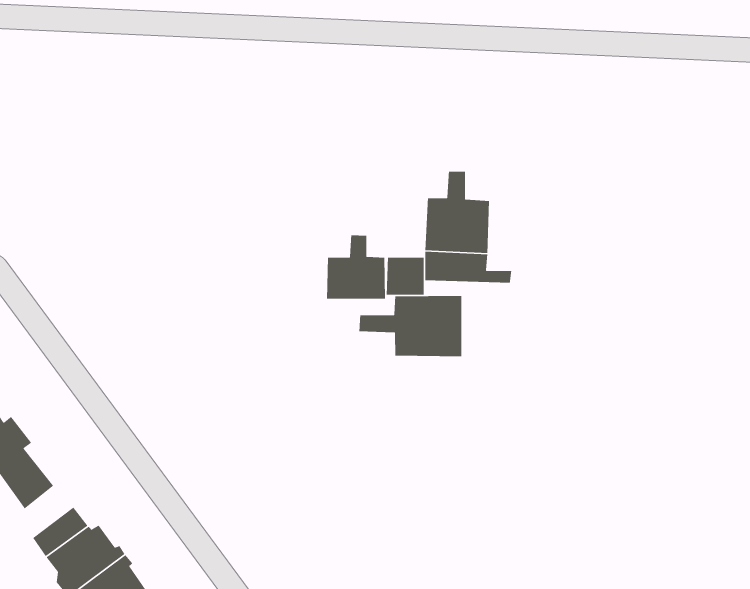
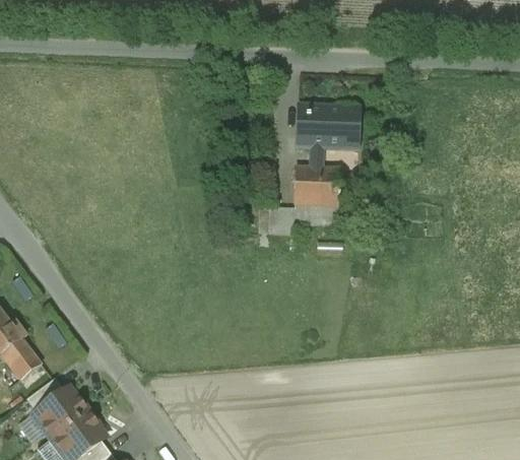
building: none -> [297,104,359,149]
building: [326,234,386,299] -> none
building: [359,295,462,357] -> none

